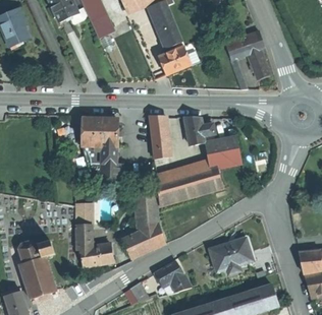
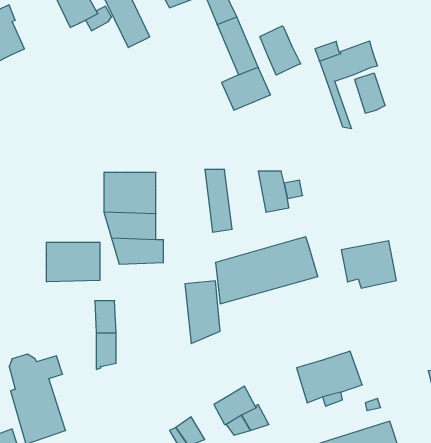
building: none -> [260,26,301,75]
building: [205,136,242,168] -> [341,241,396,288]
building: none -> [47,242,100,282]
building: [122,225,164,259] -> none
building: [79,243,113,267] -> none

